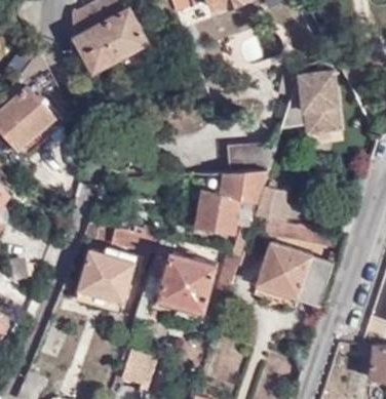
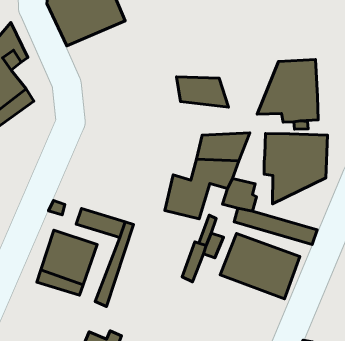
building: none -> [176,77,228,107]
building: none -> [264,134,327,204]
building: [162,252,218,309] -> none

